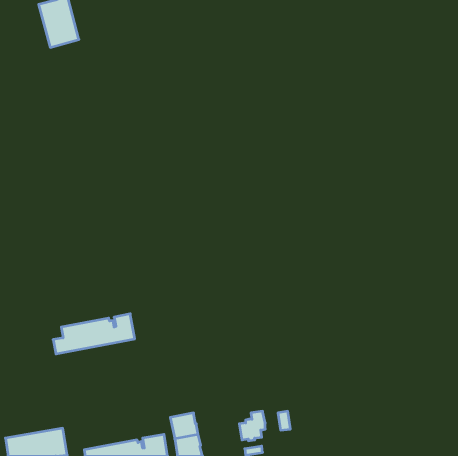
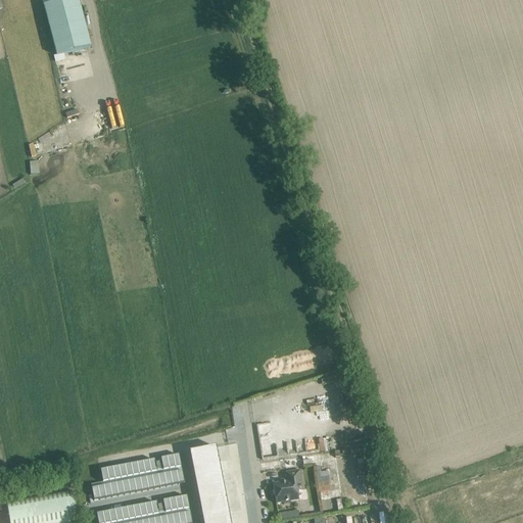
building: [53,314,135,354] -> [91,454,184,500]
building: none -> [189,445,221,476]

